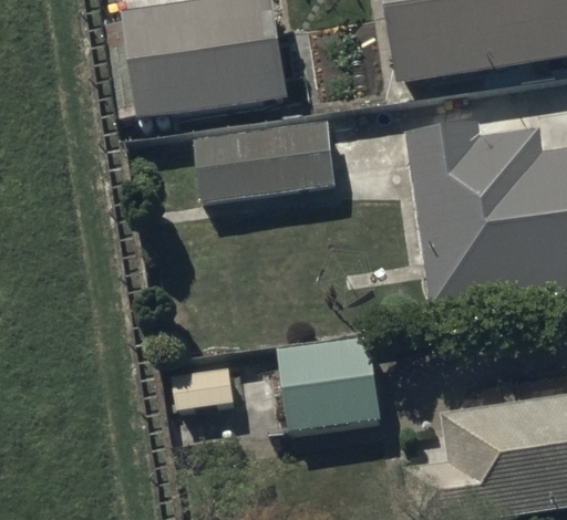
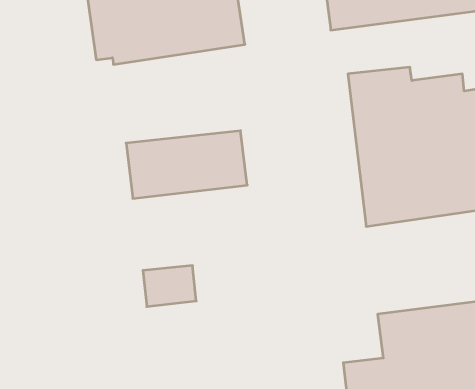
building: [195,123,336,201] -> [126,131,247,198]
building: [280,339,381,433] -> none

